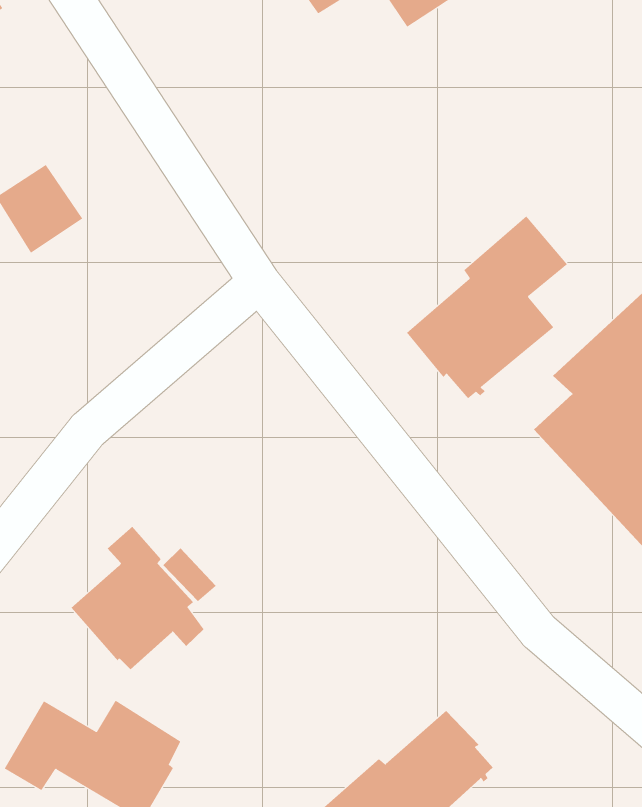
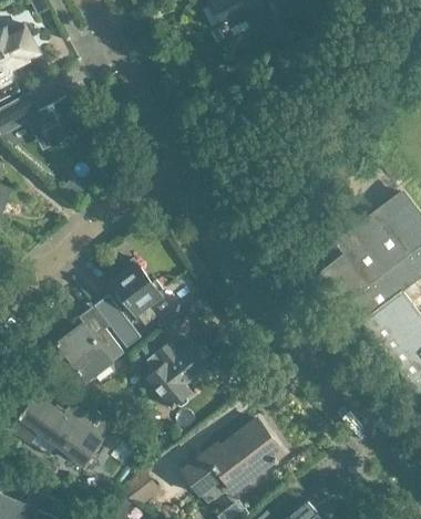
building: [406,215,568,399] -> none
building: none -> [111,259,162,325]
building: none -> [145,342,209,408]

